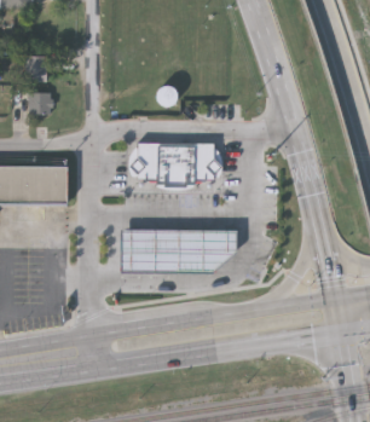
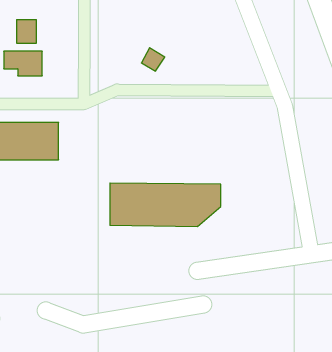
building: [137,141,212,191] -> none

